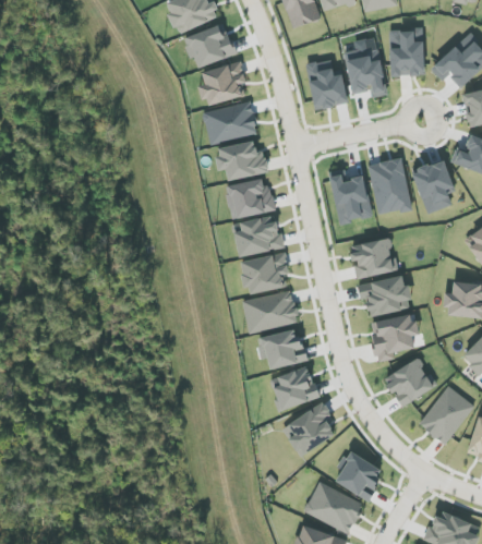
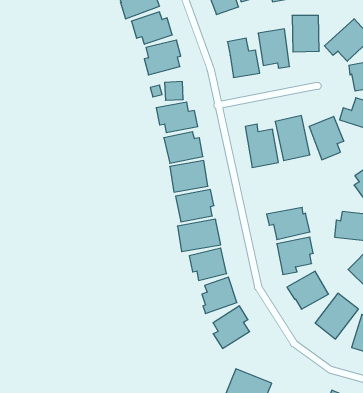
building: [349,237,398,278] -> none
building: [335,451,384,499] -> none

